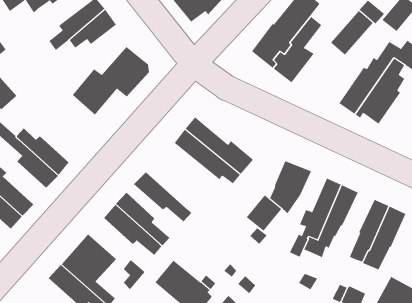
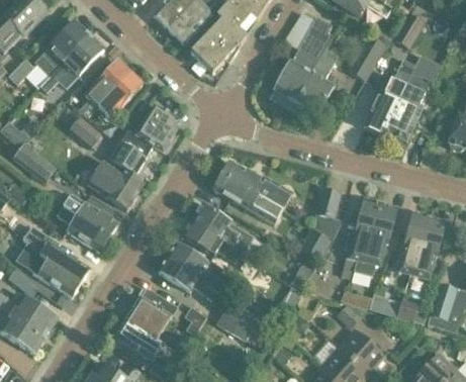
building: none -> [69,116,101,148]
building: none -> [91,164,144,209]
building: none -> [191,203,242,249]

